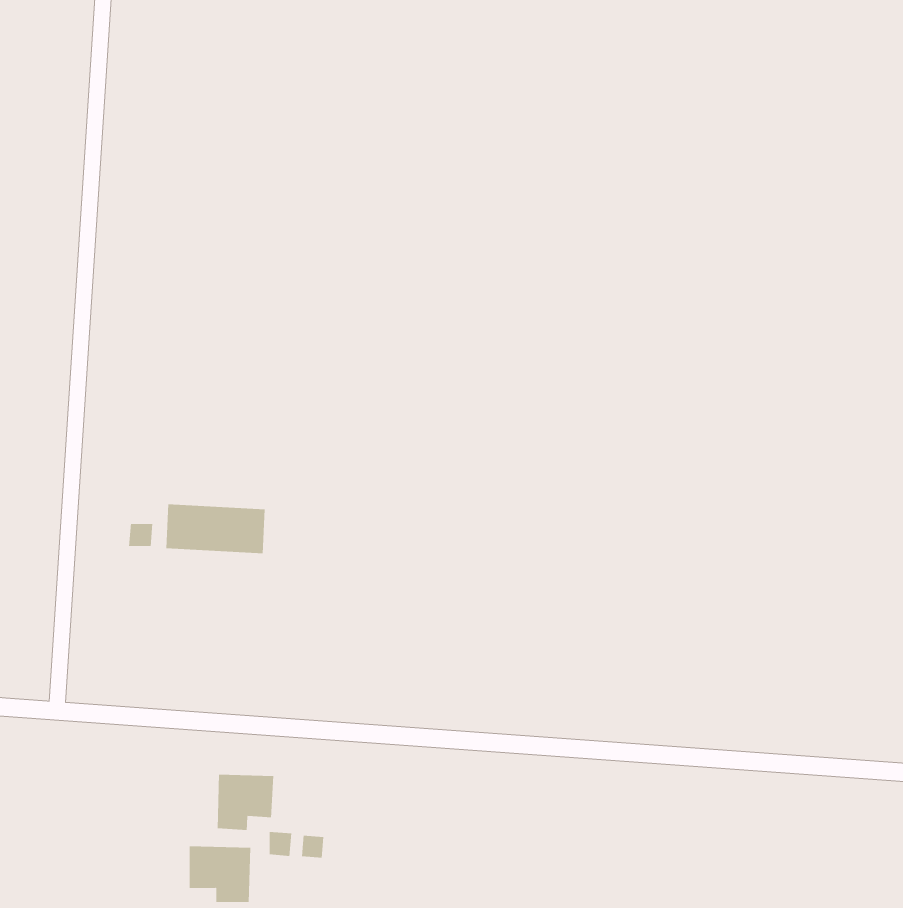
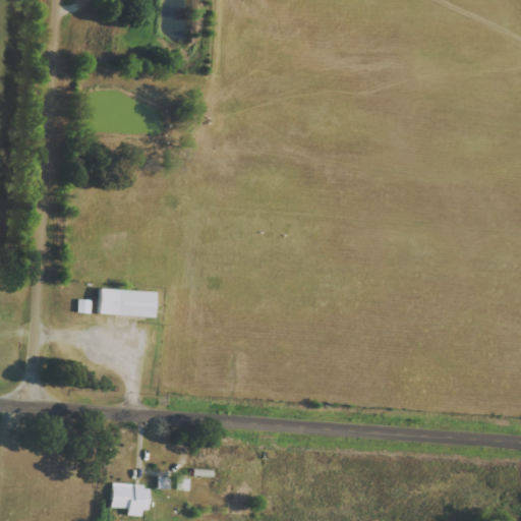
building: [217,774,274,831] -> none

